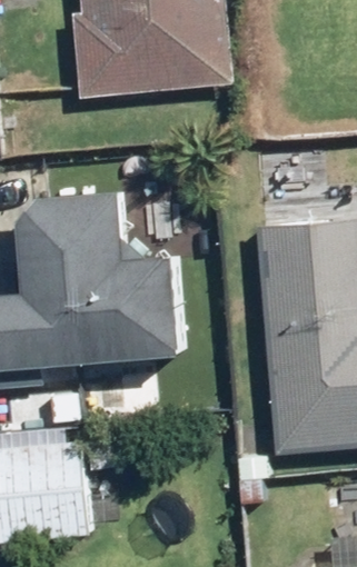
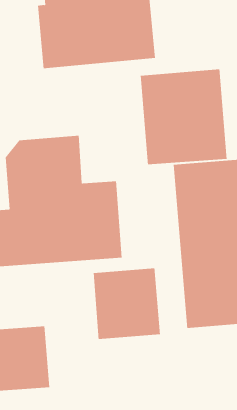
building: none -> [140,69,227,165]
building: none -> [93,268,160,340]

